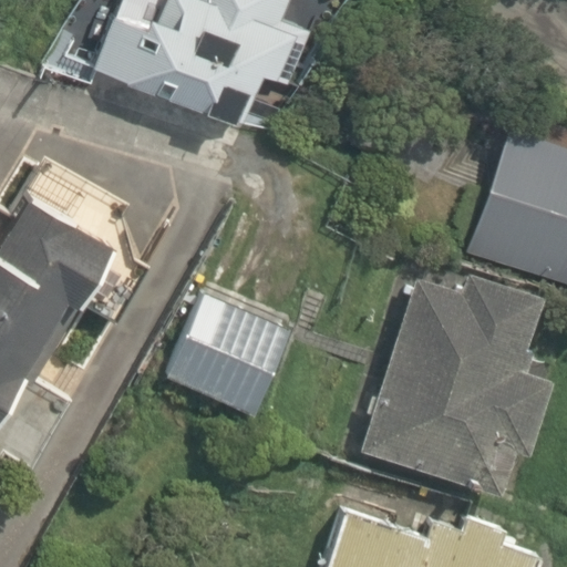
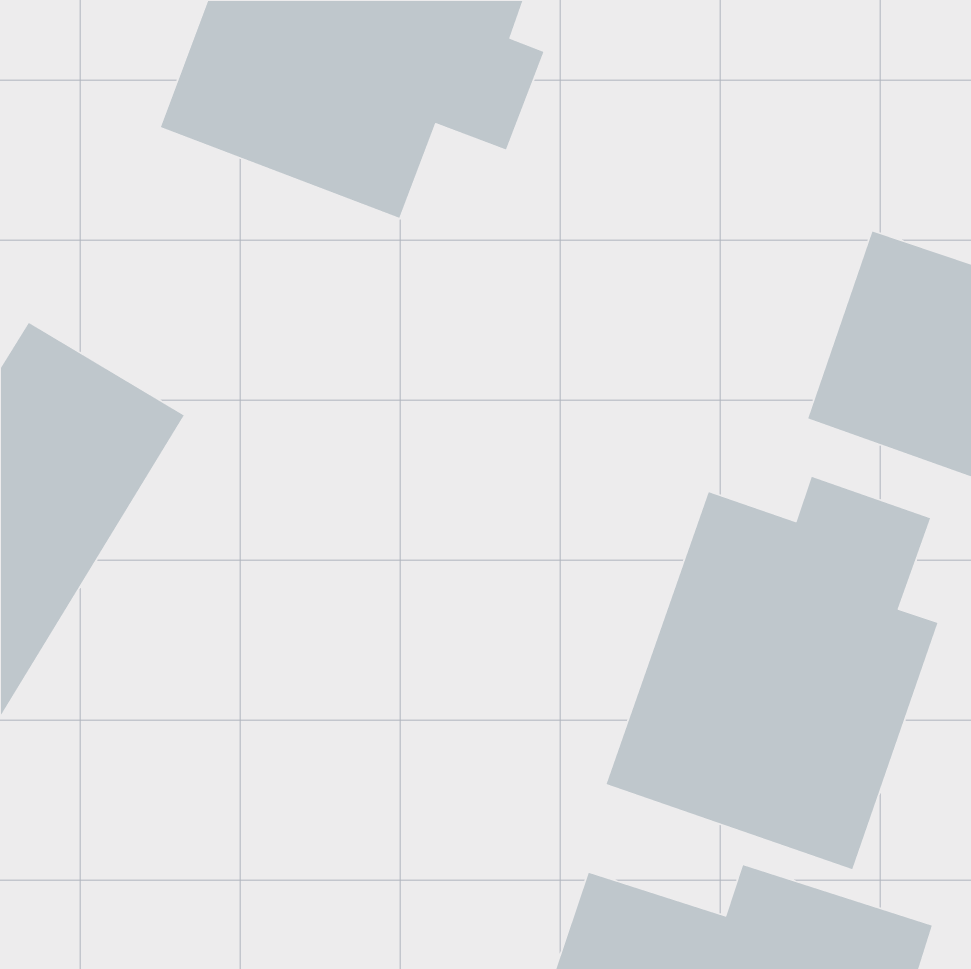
building: [175,288,295,412] -> none

